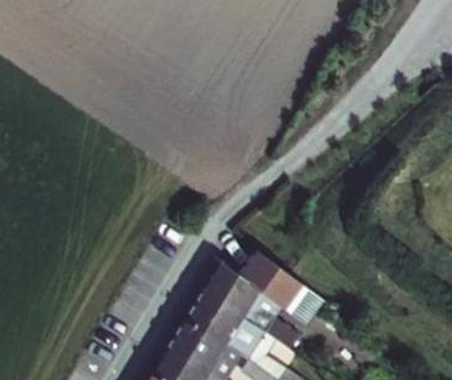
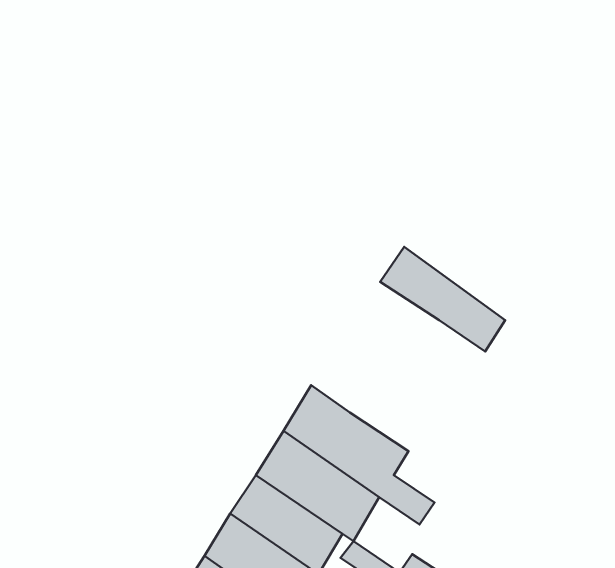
building: [250,253,332,322] -> [380,247,505,352]

